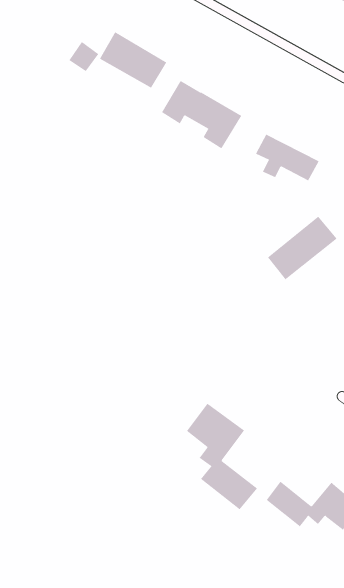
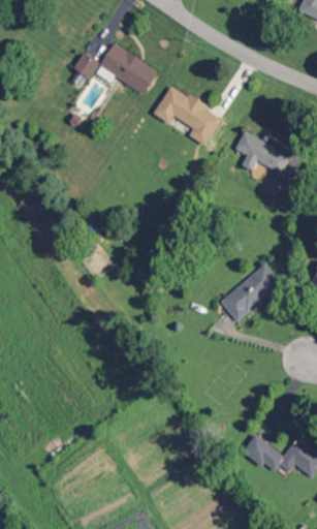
building: [267,216,337,280] -> [220,264,281,320]
building: [186,403,258,510] -> none

